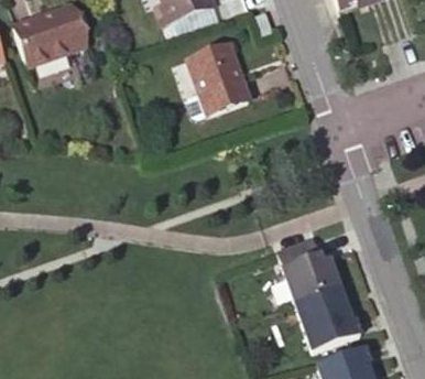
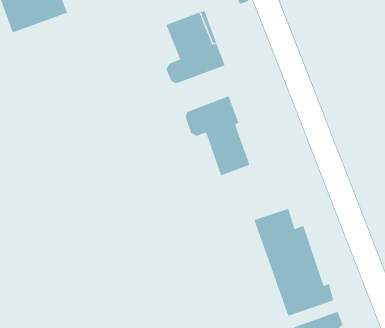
building: none -> [185,95,250,176]

